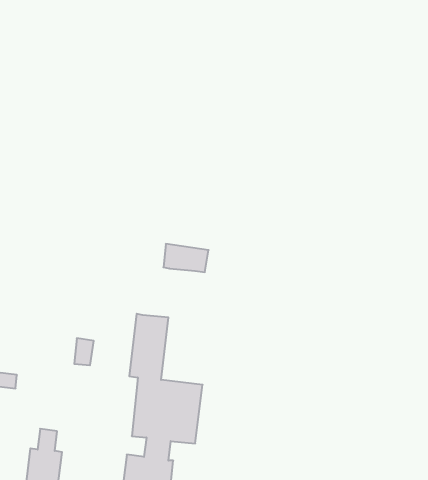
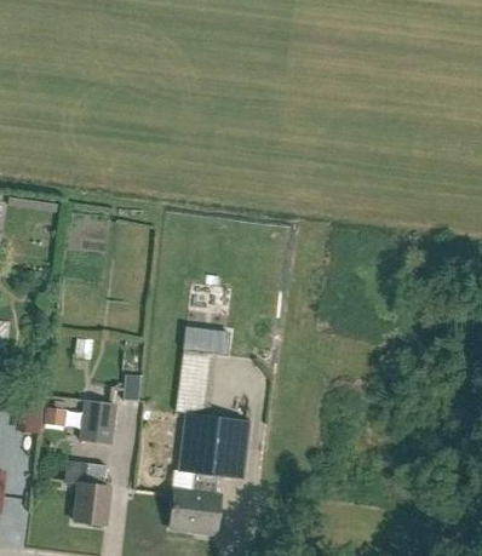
building: [163,244,209,272] -> [184,327,229,355]
building: none -> [76,401,113,445]

